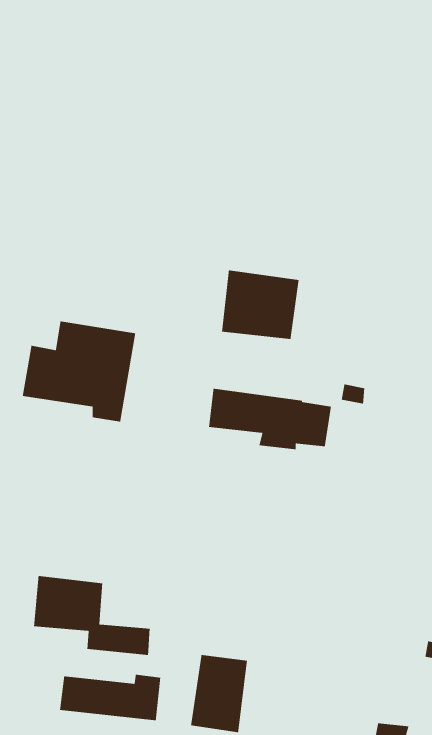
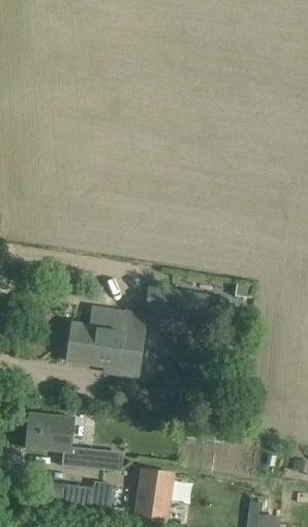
building: [221,269,299,340] -> none
building: [22,321,136,423] -> [69,308,147,377]

